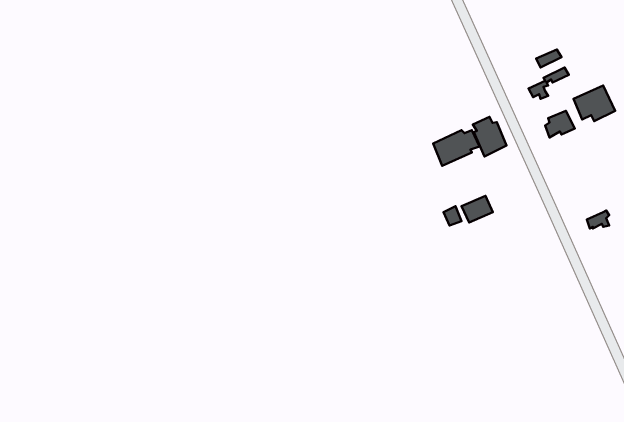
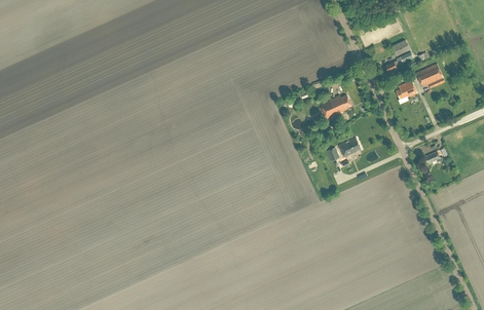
building: [473,117,507,156] -> none

